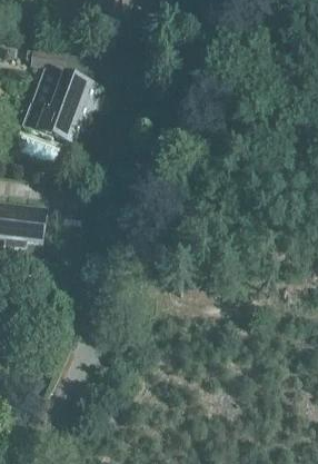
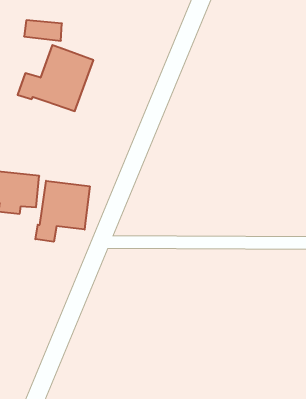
building: none -> [35,181,90,242]

